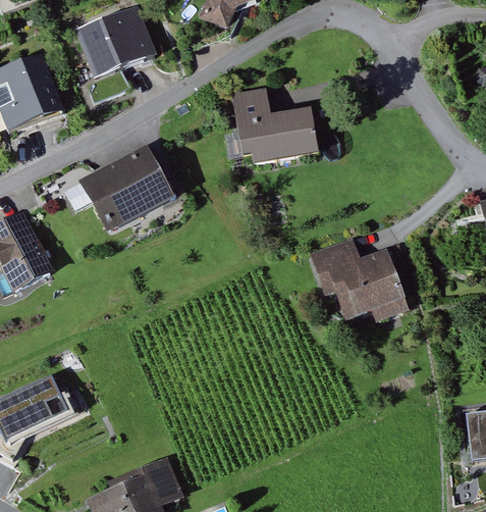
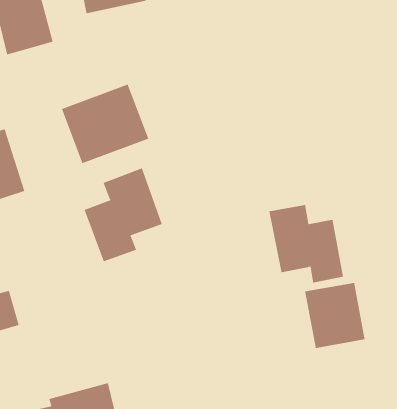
building: [230,86,320,163] -> none
building: none -> [84,168,162,262]
building: none -> [305,282,365,349]

